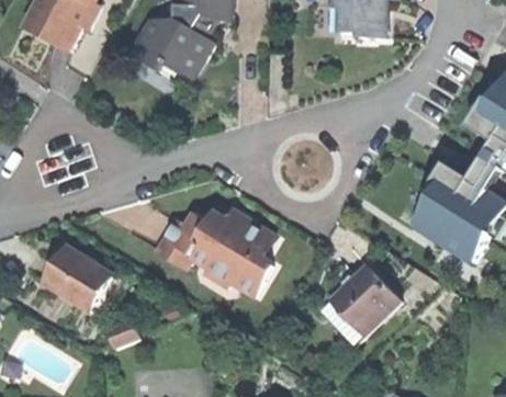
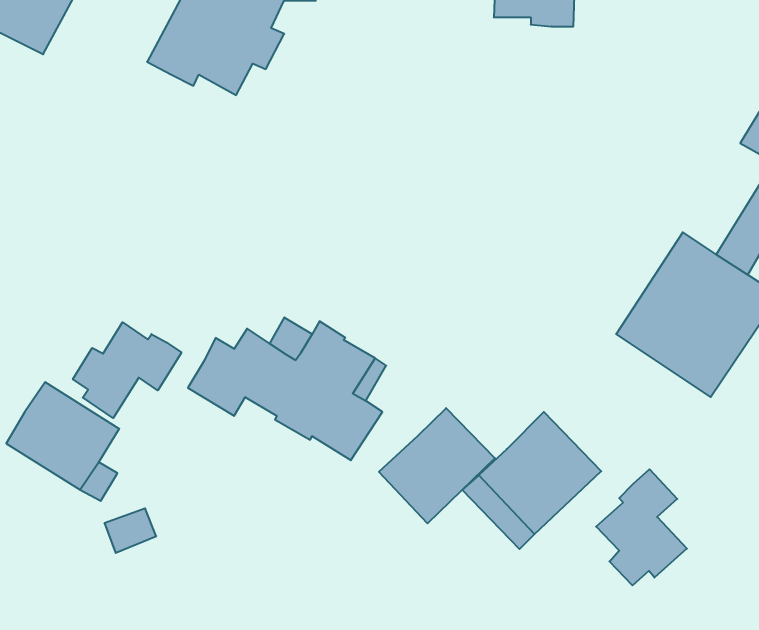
building: none -> [73,322,181,418]
building: none -> [379,408,495,523]
building: none -> [596,469,687,585]

